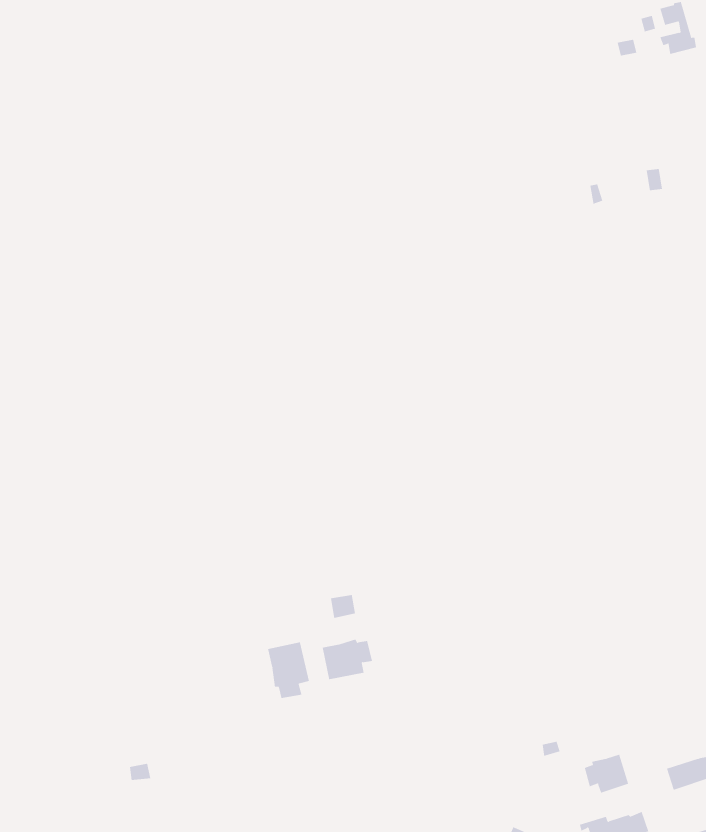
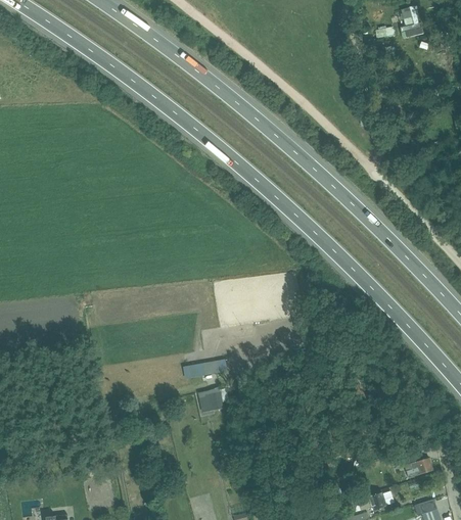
building: [268,642,309,699] -> none
building: [584,754,629,794] -> none

